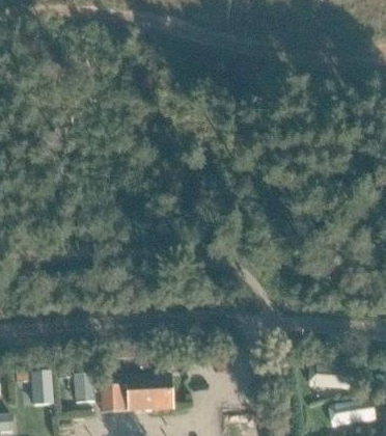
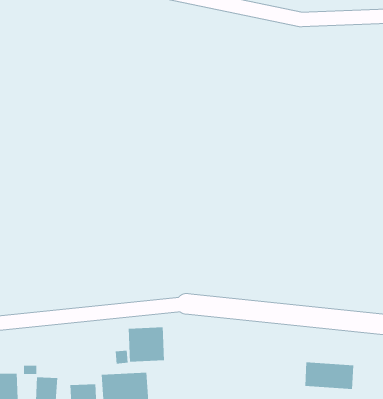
building: none -> [128,326,165,363]

